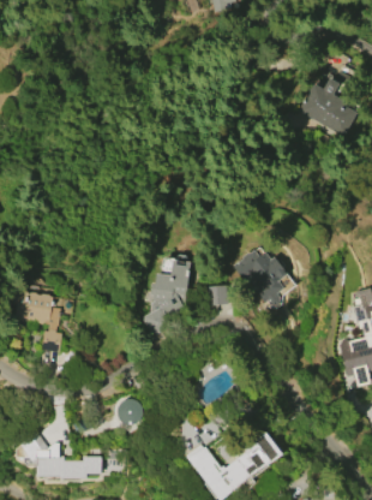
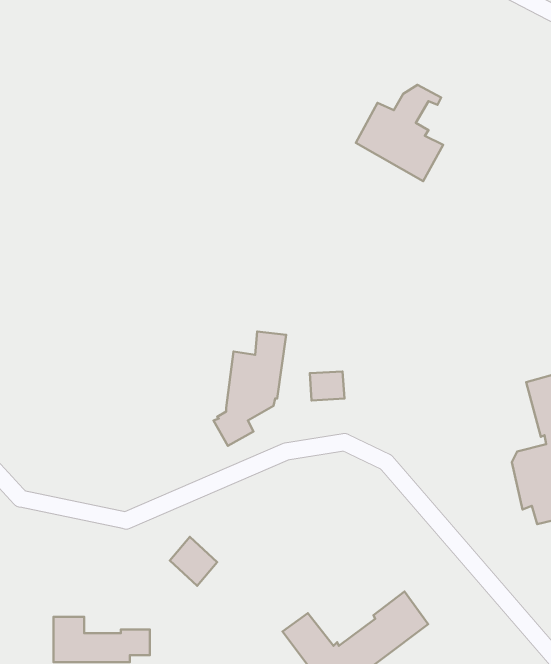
building: [299,72,356,136] -> [356,85,443,181]
building: [233,250,287,305] -> none
building: [13,291,61,352] -> none

